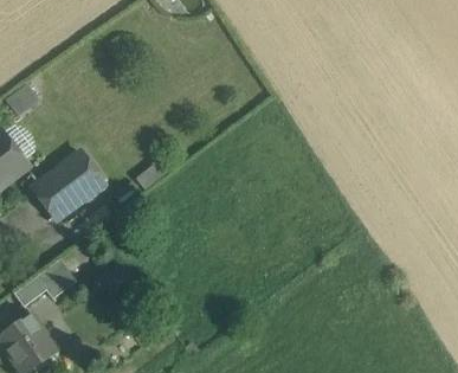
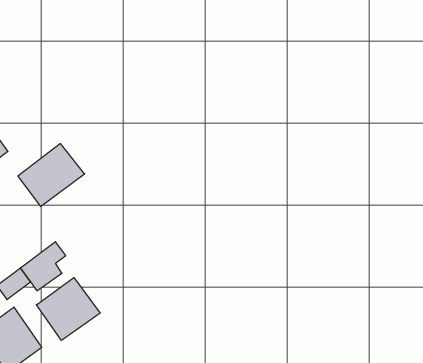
building: none -> [36,278,100,340]

